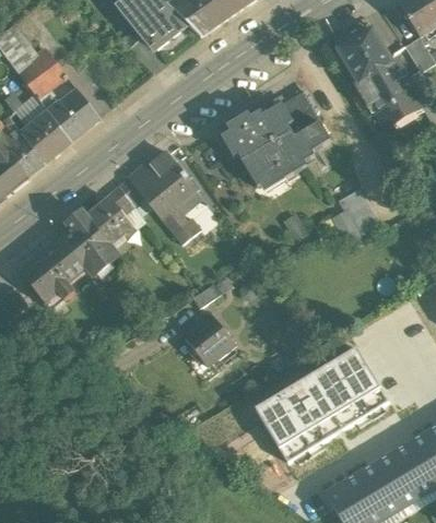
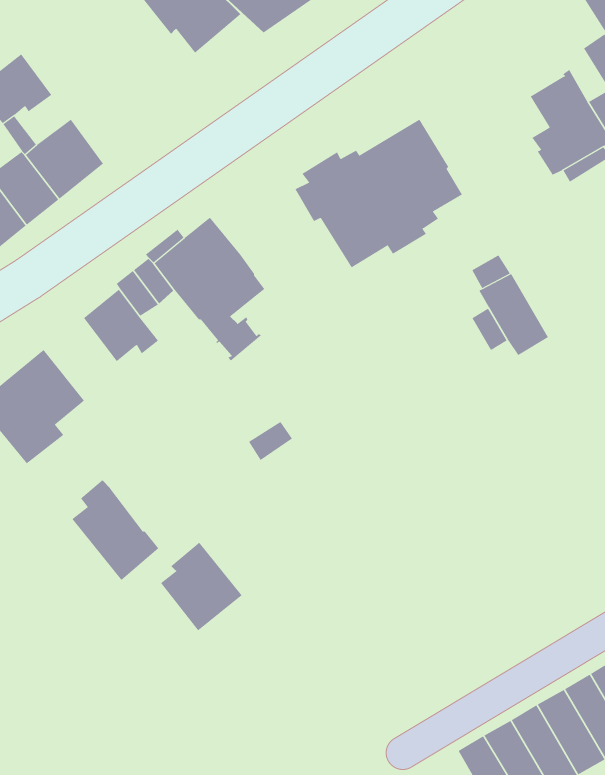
building: [333,23,392,106] -> none
building: [61,212,117,276] -> [71,480,159,581]
building: [181,310,234,367] -> [160,542,243,631]
building: [255,349,388,464] -> none

